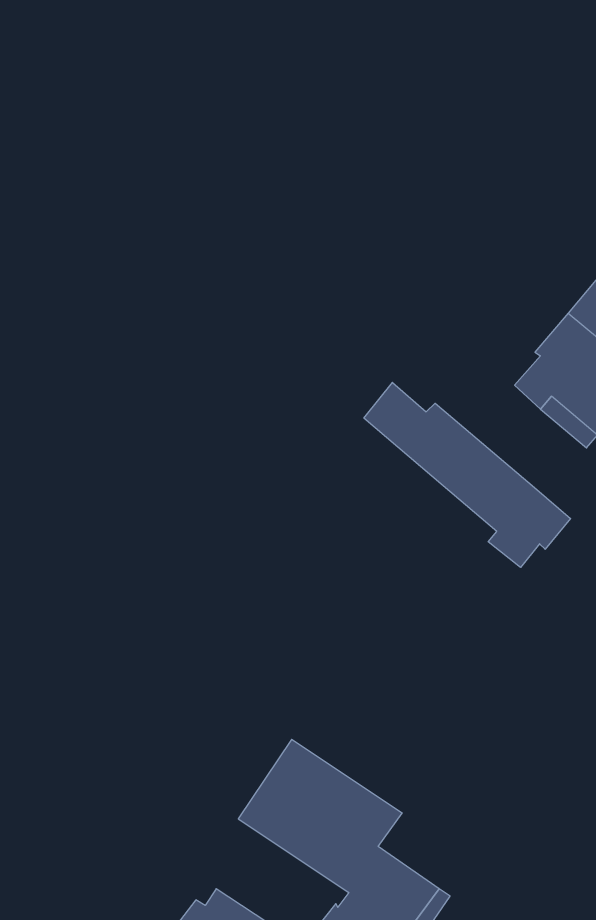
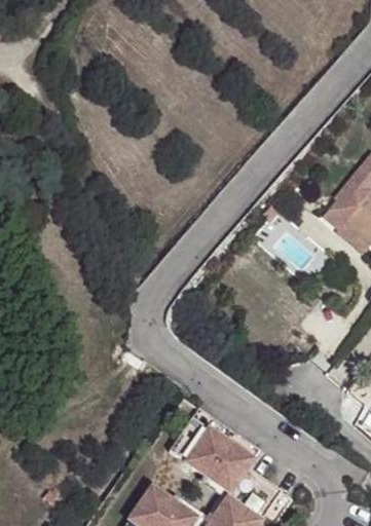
building: [364,382,571,567] -> none

